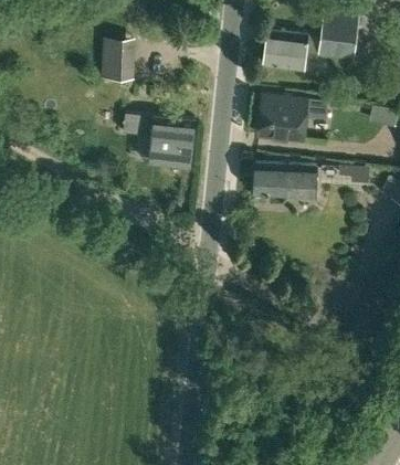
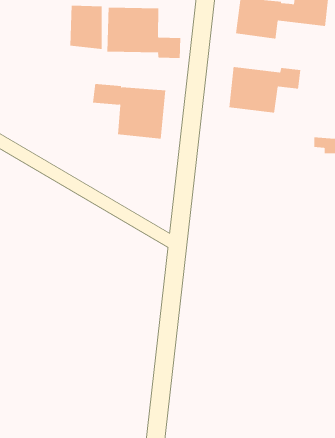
building: none -> [107,7,181,59]
building: [254,163,316,197] -> none

